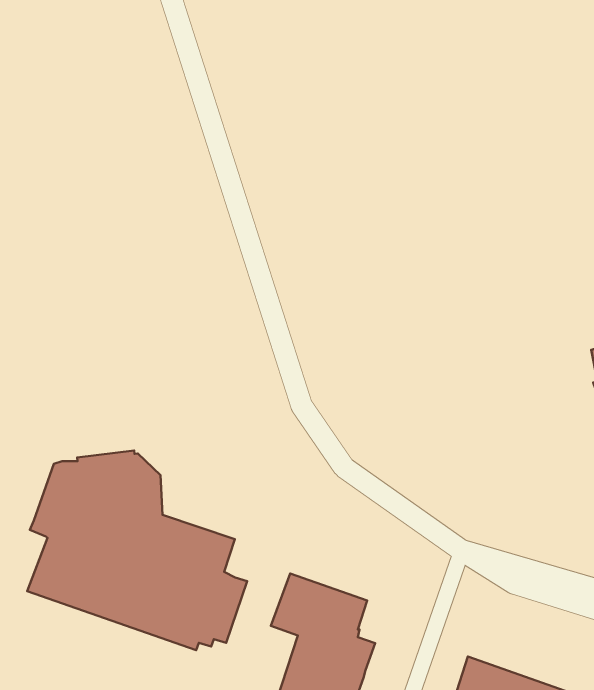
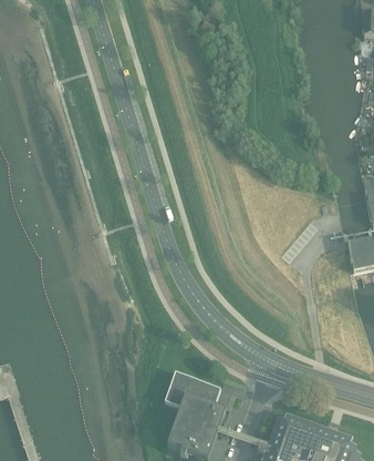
building: [27,450,247,650] -> none

